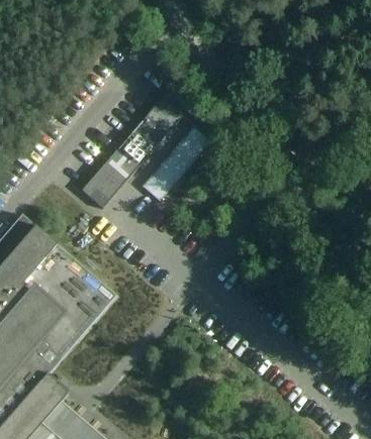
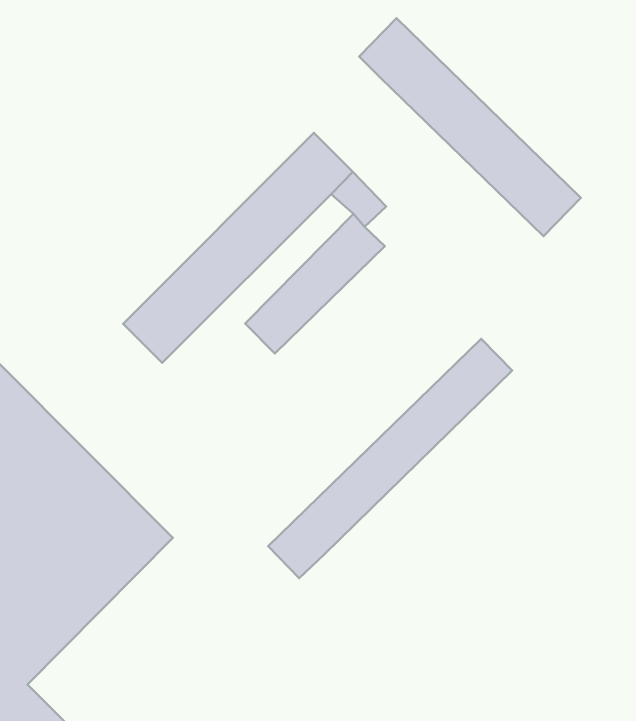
building: none -> [359,18,581,236]
building: none -> [268,339,512,578]

